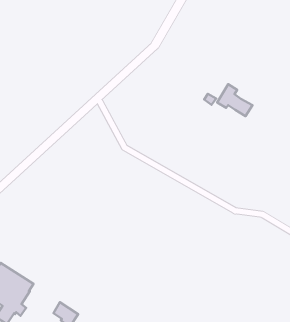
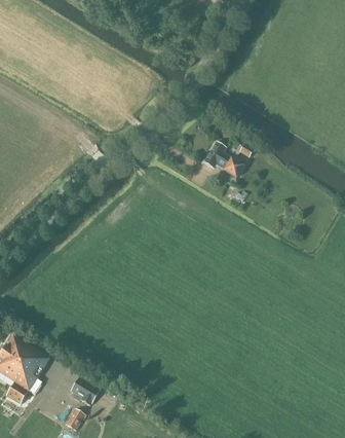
building: [217,84,253,116] -> [204,141,244,177]

